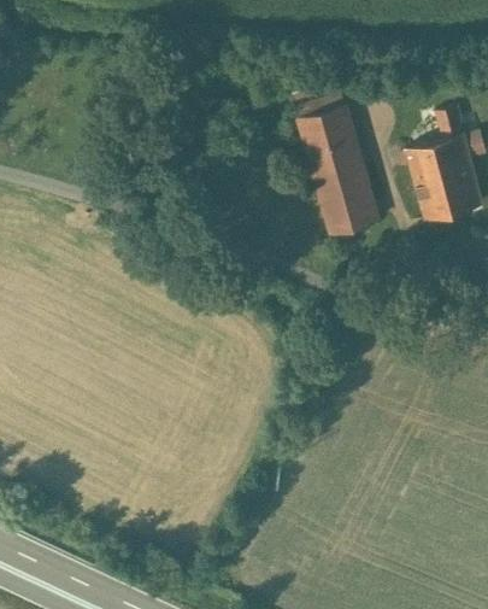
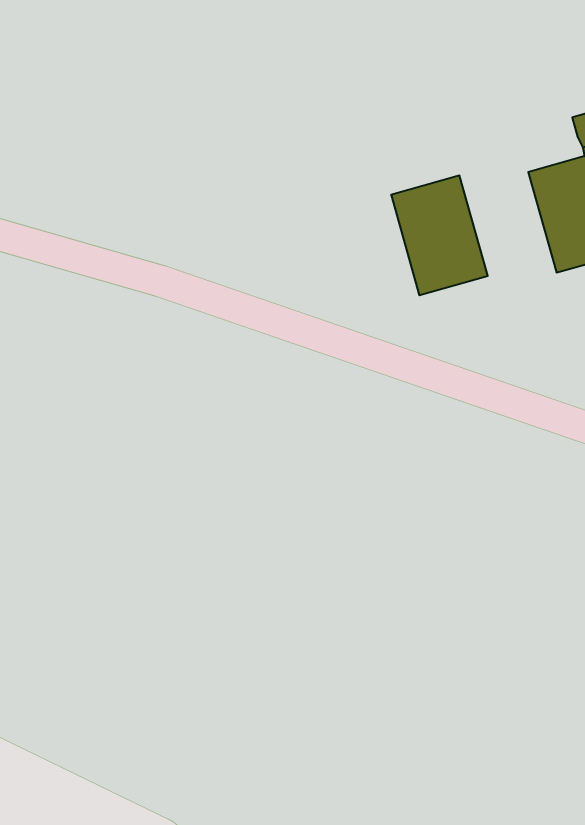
building: [299,107,359,168] -> none

